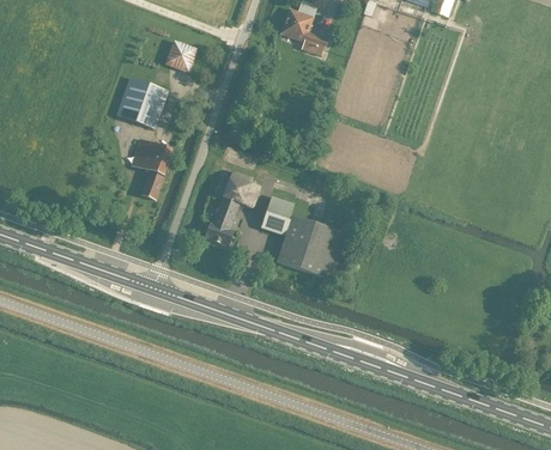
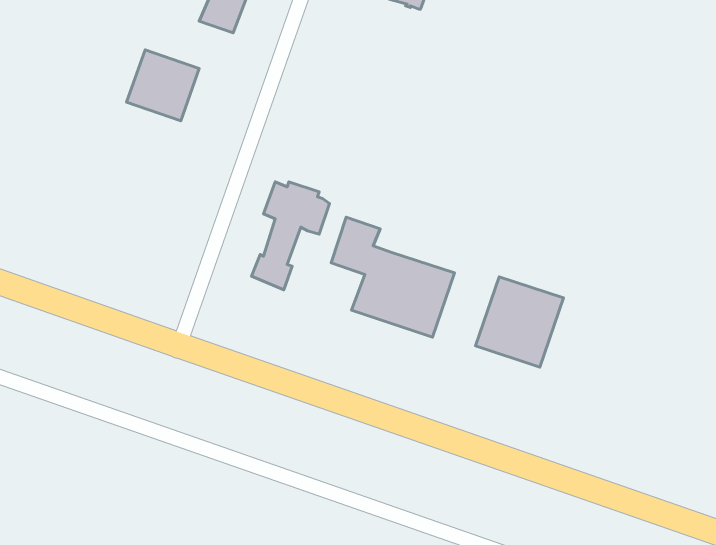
building: [129,139,172,201] -> none
building: none -> [476,277,564,367]

